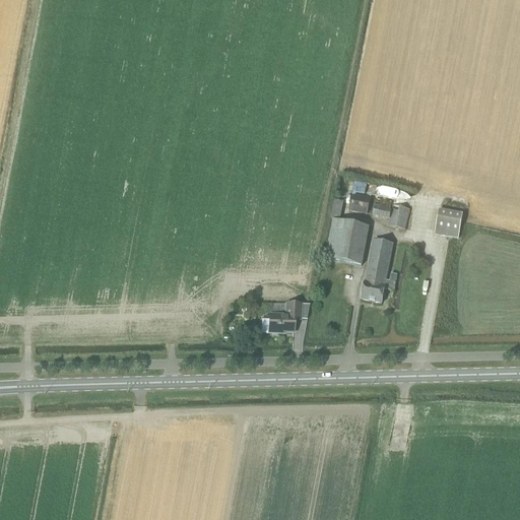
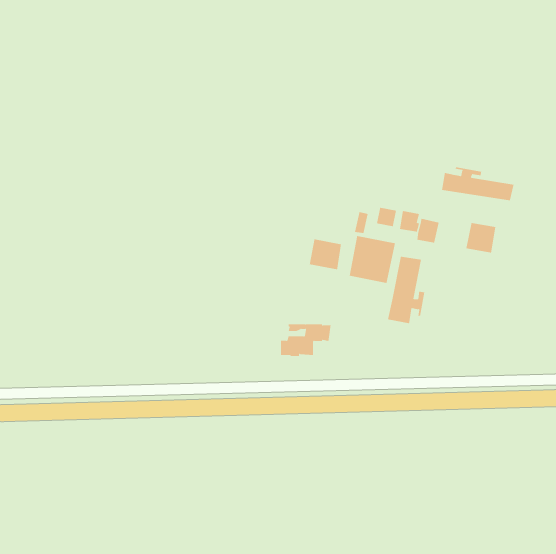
building: none -> [441,167,514,201]
building: none -> [309,239,342,270]

